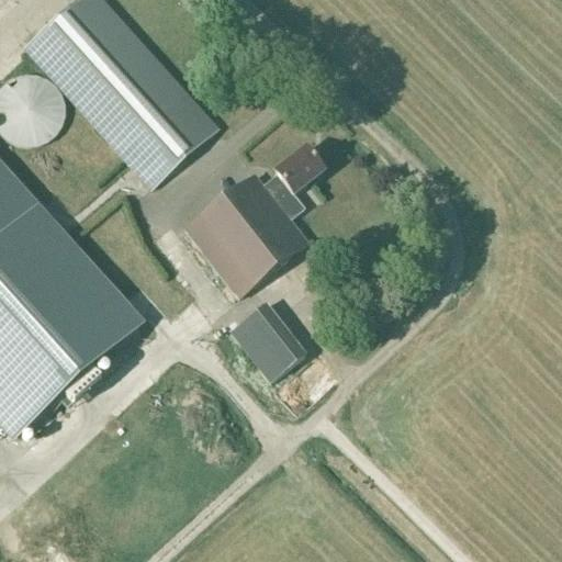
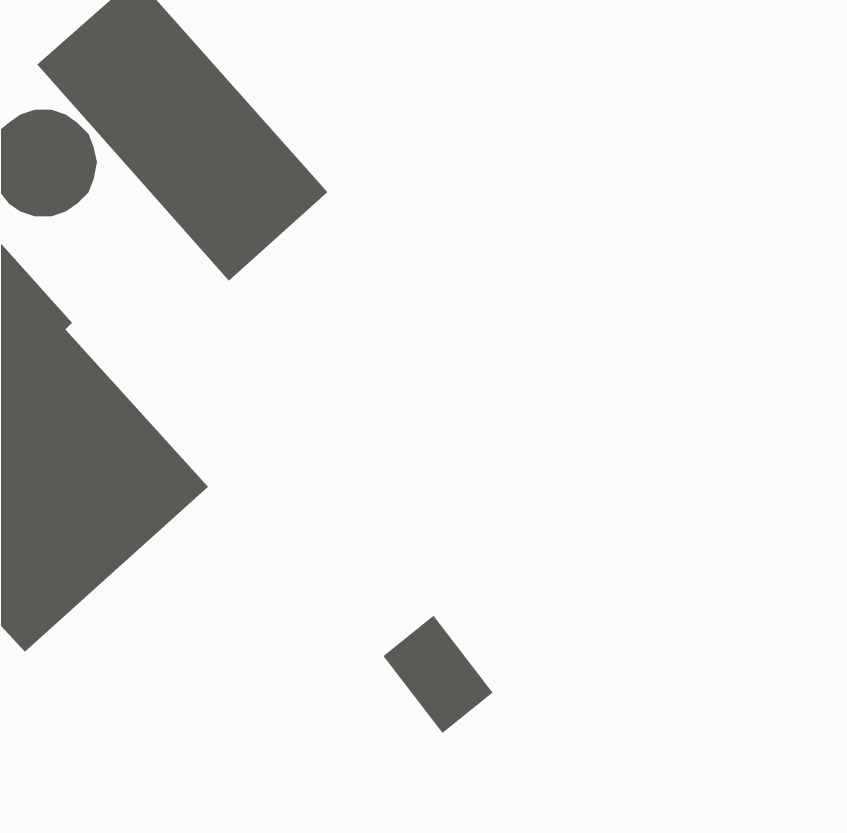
building: [184,145,323,295] -> none
building: [231,301,304,380] -> [383,615,494,734]

